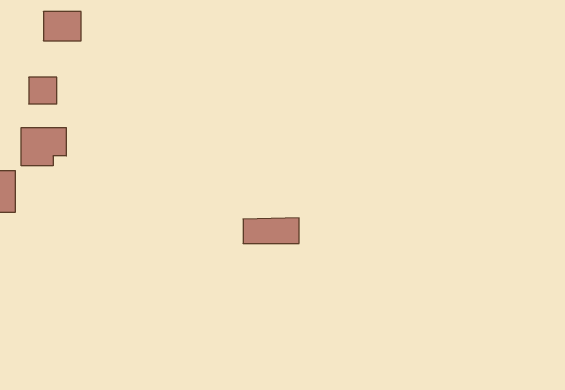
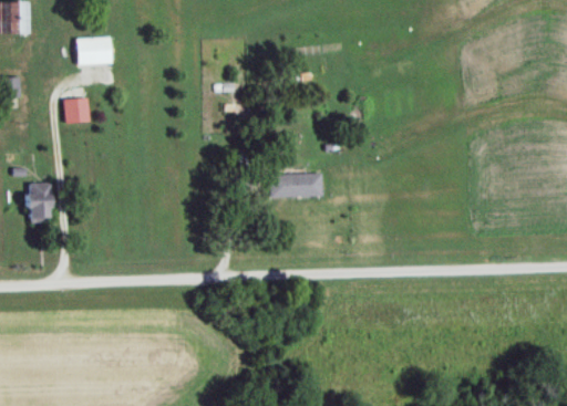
building: [21,128,66,166] -> none
building: [243,218,299,243] -> [271,173,322,196]

